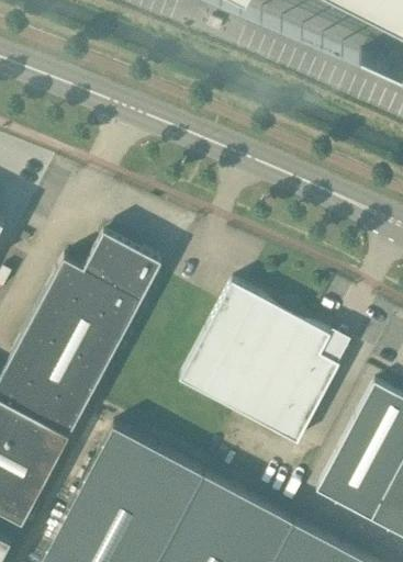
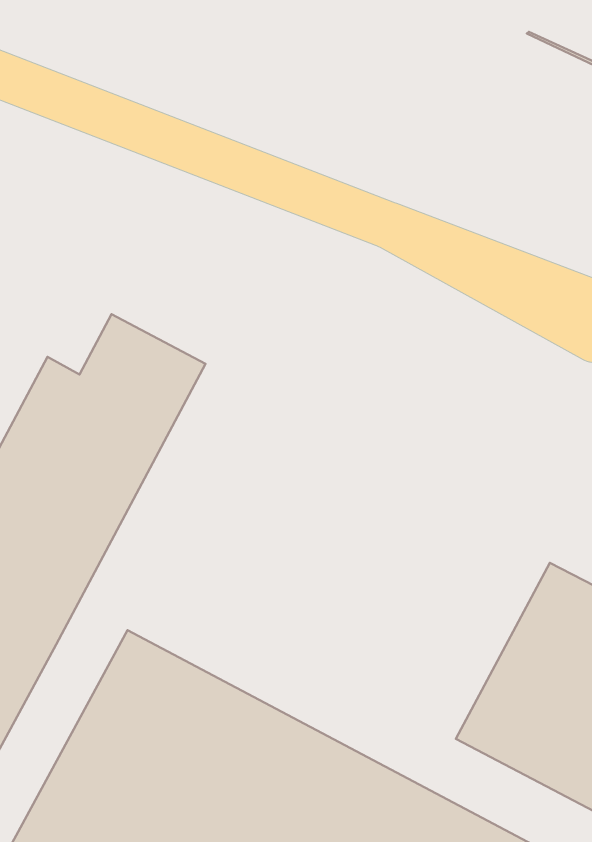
building: [181,285,339,446] -> none

